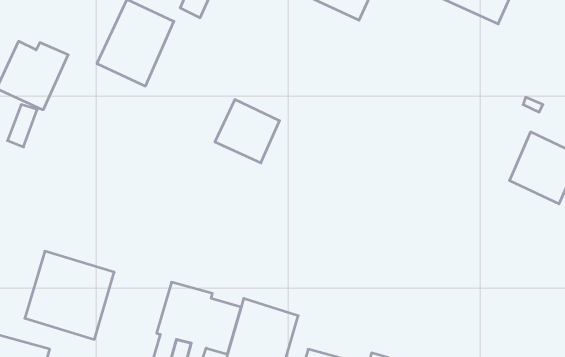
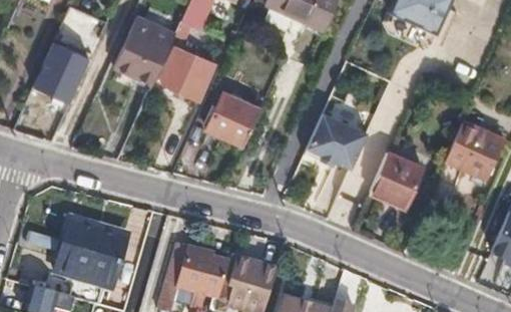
building: none -> [158,46,214,98]
building: none -> [307,112,368,168]
building: none -> [370,151,423,208]

